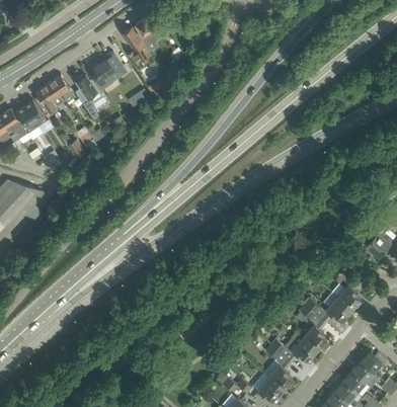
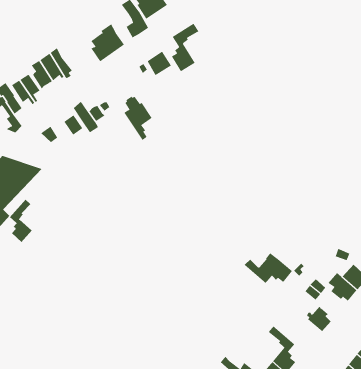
building: none -> [171,23,199,72]
building: [75,76,103,119] -> [123,96,153,141]
building: none -> [9,199,32,243]
building: [270,332,318,362] -> [244,252,293,284]

